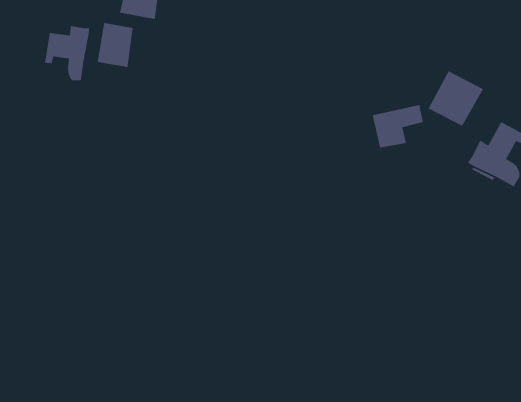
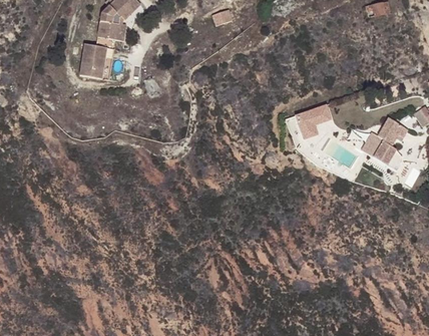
building: [44,25,90,81] -> none
building: [428,70,484,127] -> none

